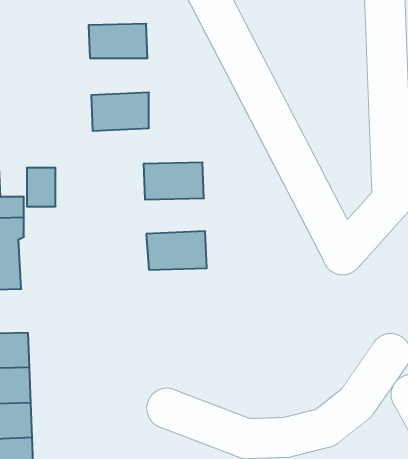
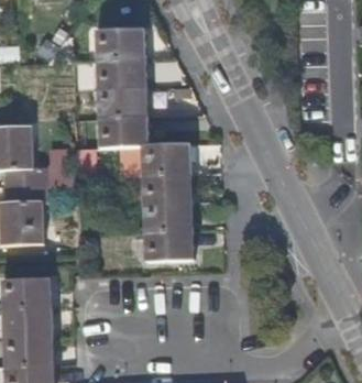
building: none -> [99,59,146,89]
building: none -> [101,116,149,146]
building: none -> [143,172,191,200]
building: none -> [145,228,194,258]

